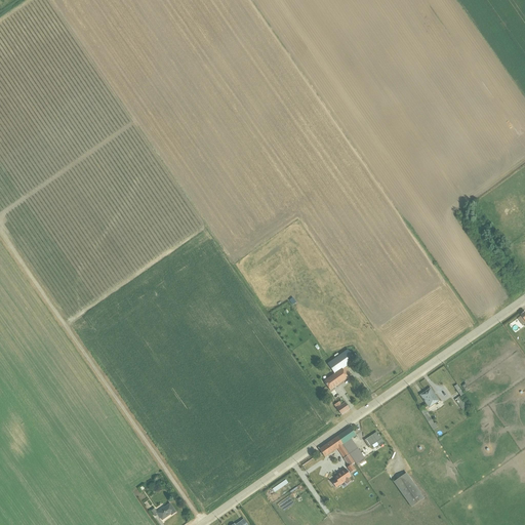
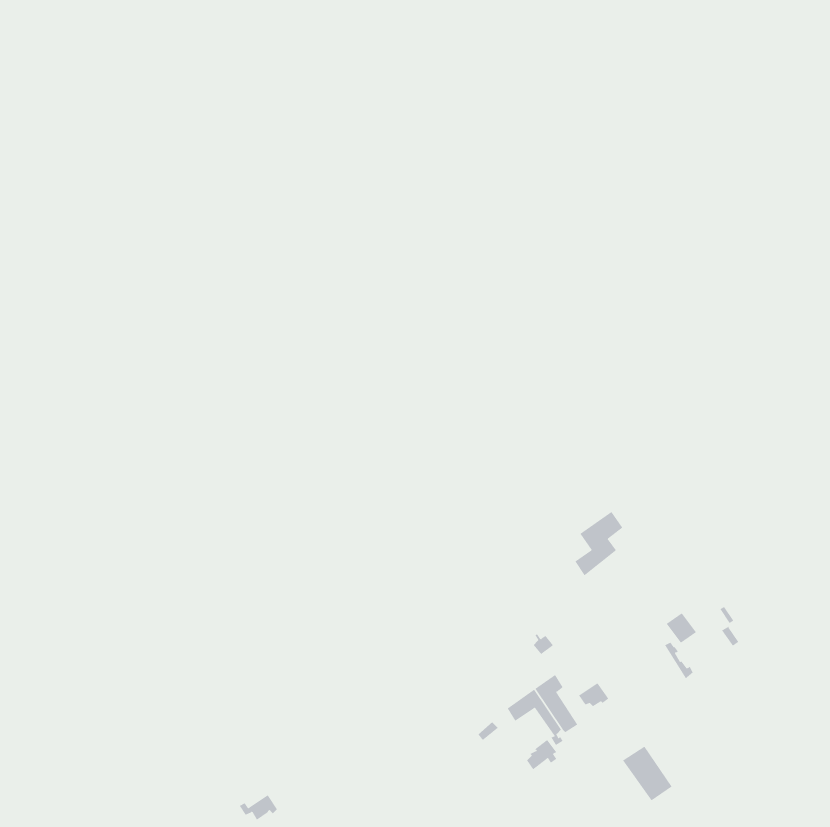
building: [324,348,355,389] -> [575,511,623,576]

